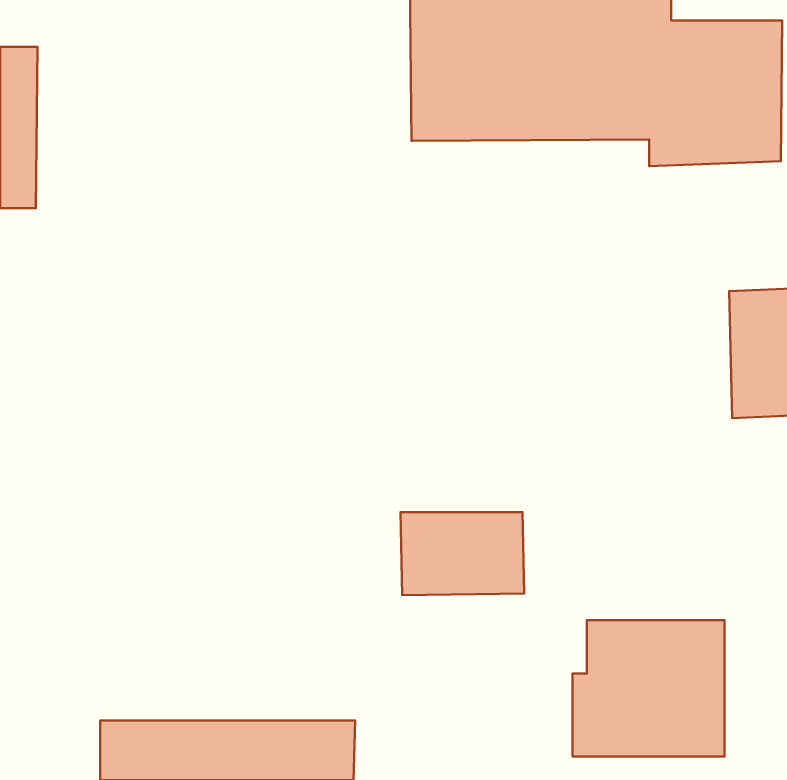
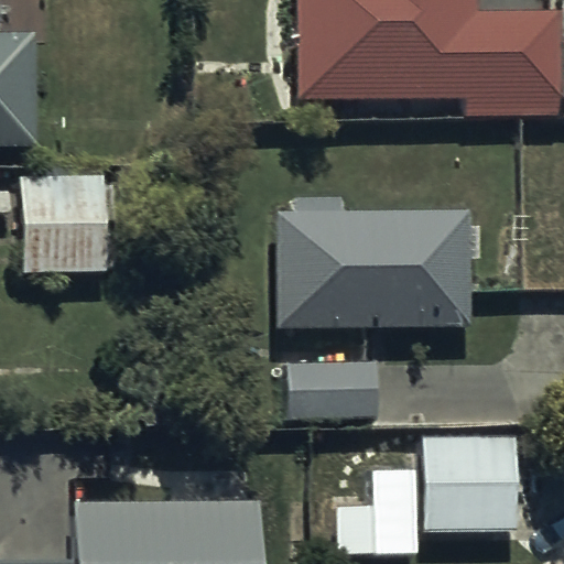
building: none -> [19,176,108,272]
building: none -> [278,193,471,326]

